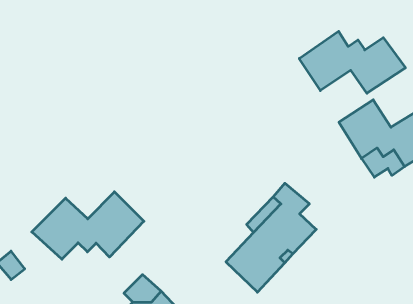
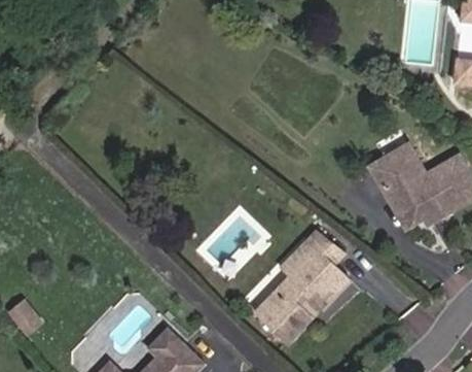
building: [299,31,405,93] -> none
building: [32,192,144,259] -> none

